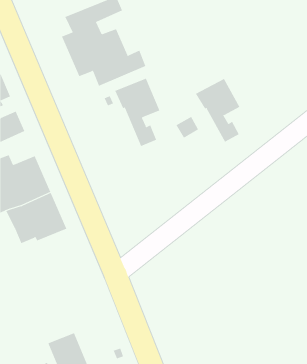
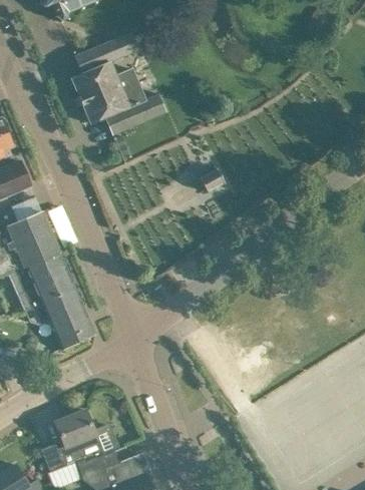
building: [114,78,160,147] -> none
building: [195,78,240,142] -> none
building: none -> [44,294,95,349]

